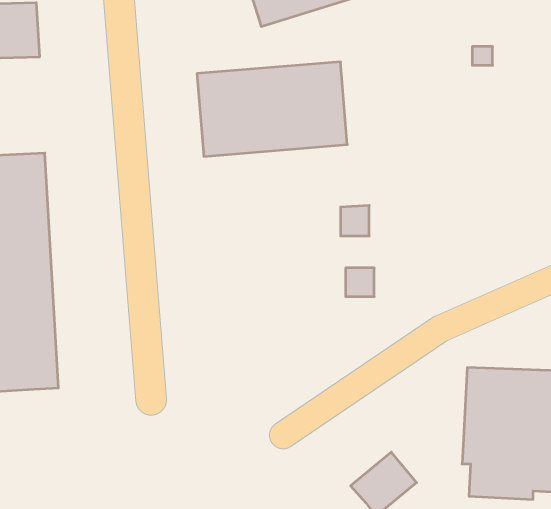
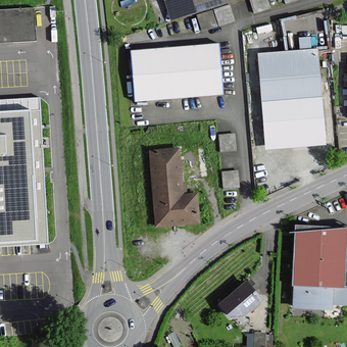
building: none -> [257,48,327,151]
building: none -> [150,147,199,225]

